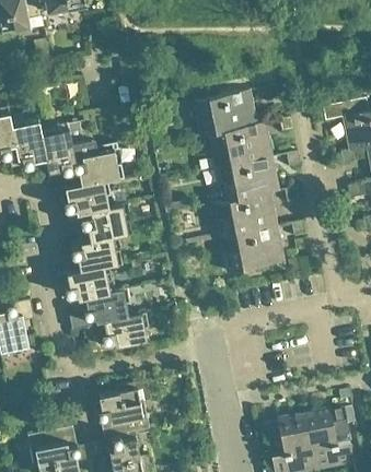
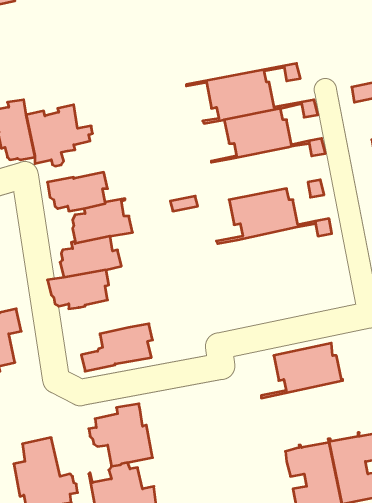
building: [71,143,126,187] -> none
building: [218,160,280,205] -> none
building: [215,229,286,278] -> [261,343,343,398]
building: [71,290,131,331] -> none

